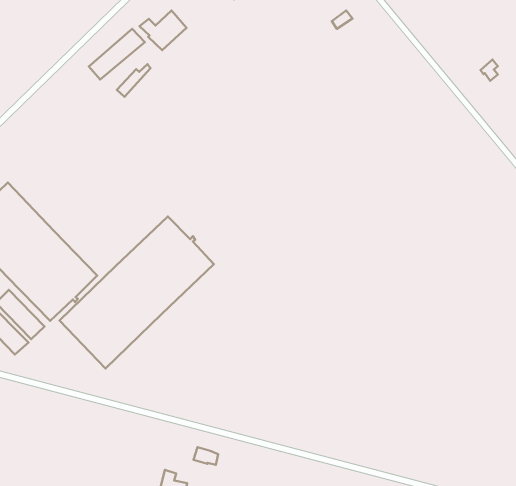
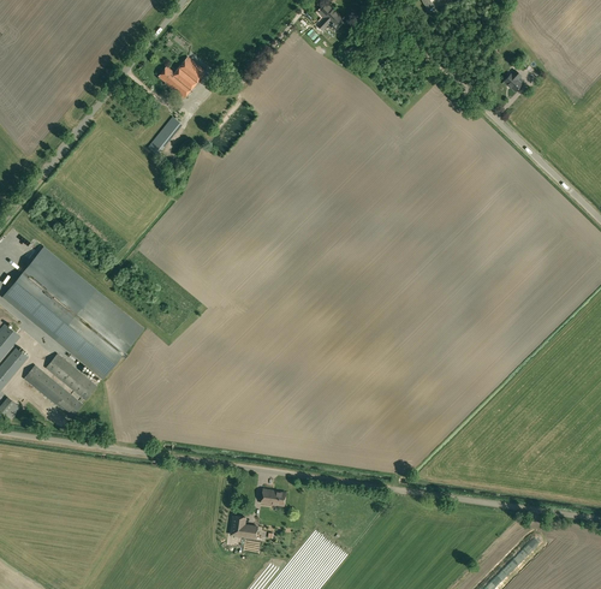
building: [89,29,145,80] -> none
building: [59,216,214,368] -> none

